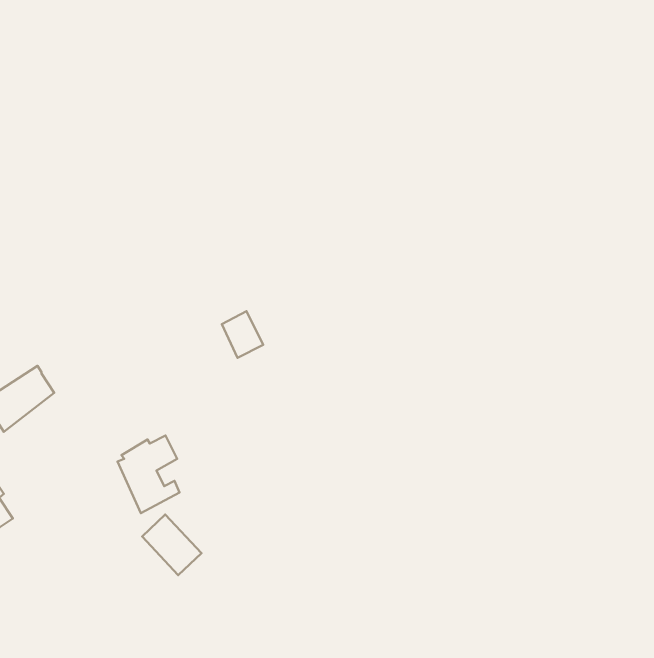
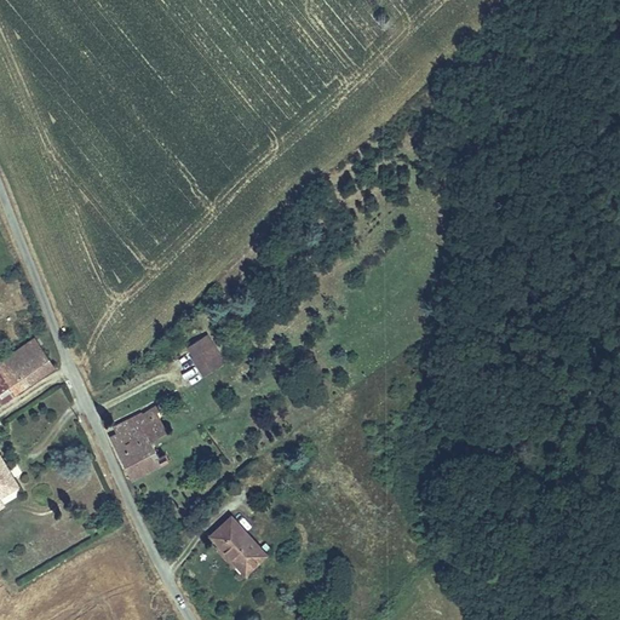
building: [222,311,263,358] -> [180,332,219,375]
building: [142,515,201,575] -> [211,517,266,574]

